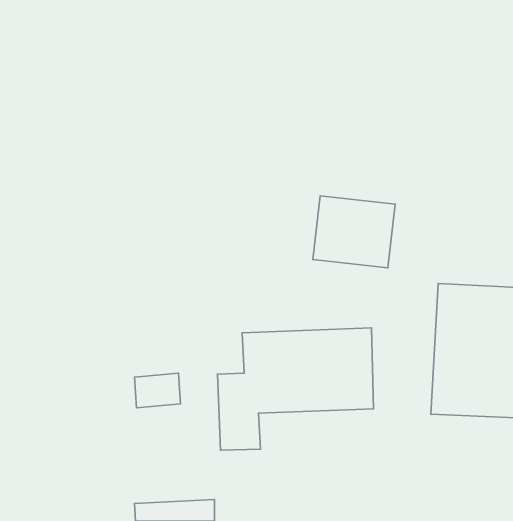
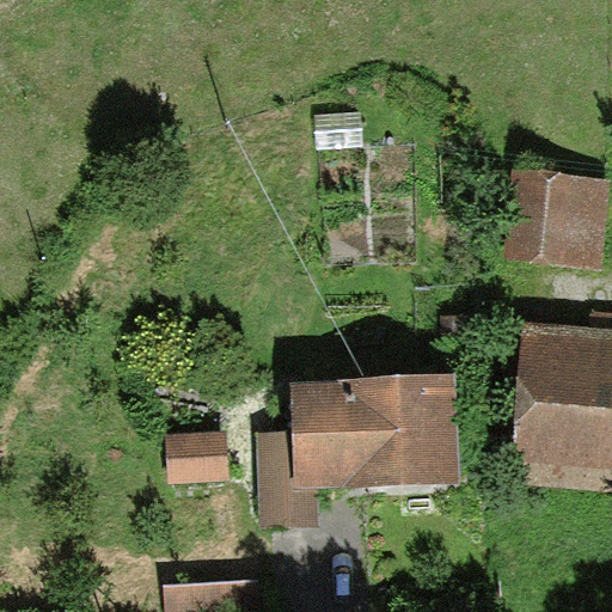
building: [313,196,395,268] -> [509,175,605,258]

